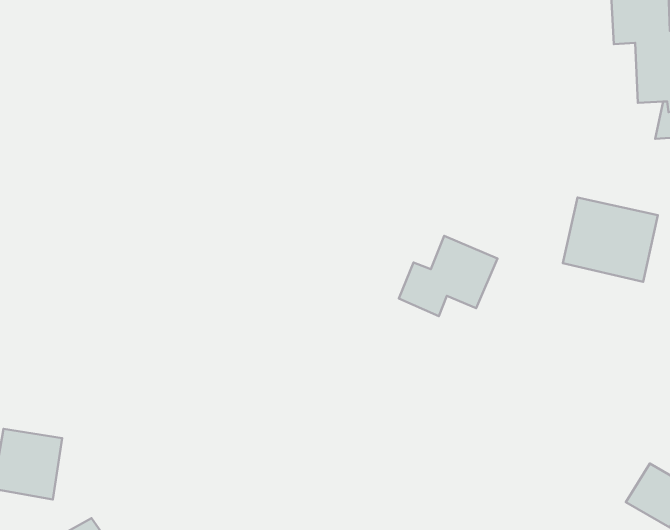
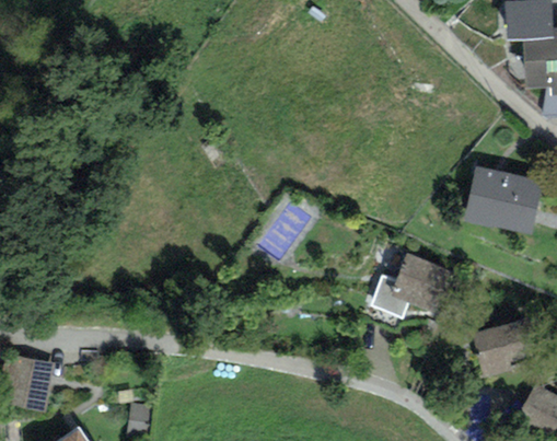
building: [399,236,498,316] -> [370,253,451,318]
building: none -> [474,320,537,380]

